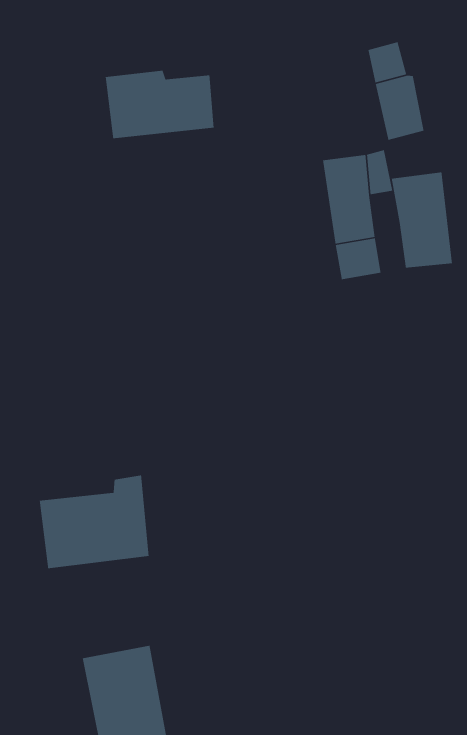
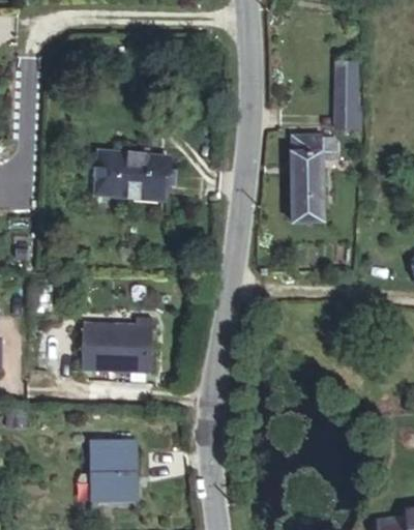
building: [105,70,215,139] -> [91,154,161,200]
building: [391,171,453,269] -> none

